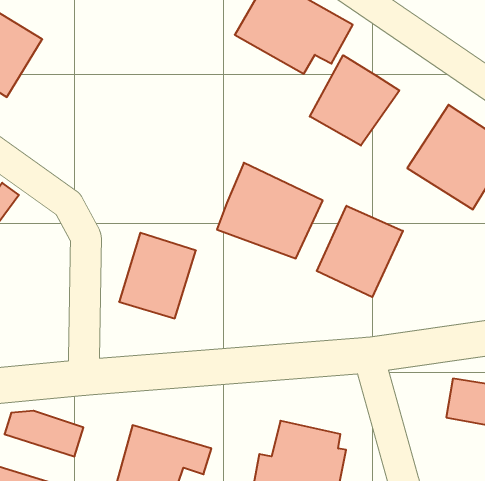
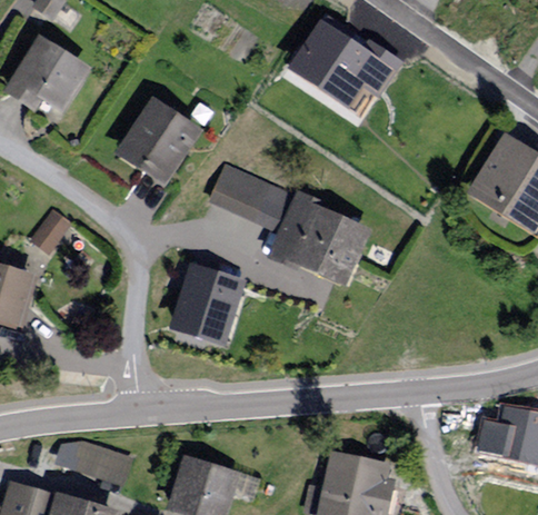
building: [310,55,399,146] -> none
building: none -> [116,96,205,187]
building: none -> [209,161,295,231]
building: [317,206,403,297] -> none

